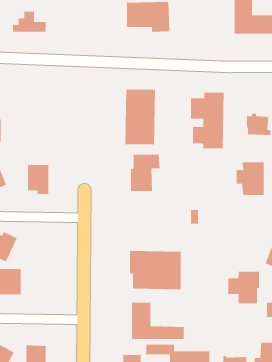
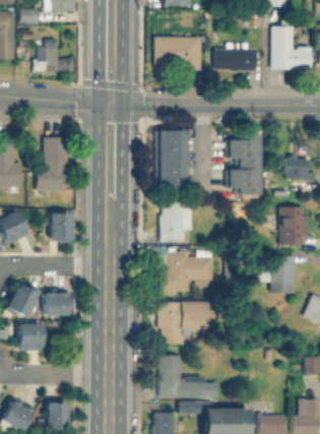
building: none -> [215,44,257,71]
building: none -> [38,136,68,190]
building: none -> [159,252,211,291]
building: none -> [43,287,70,315]
building: [227,271,260,304] -> [259,256,294,292]

